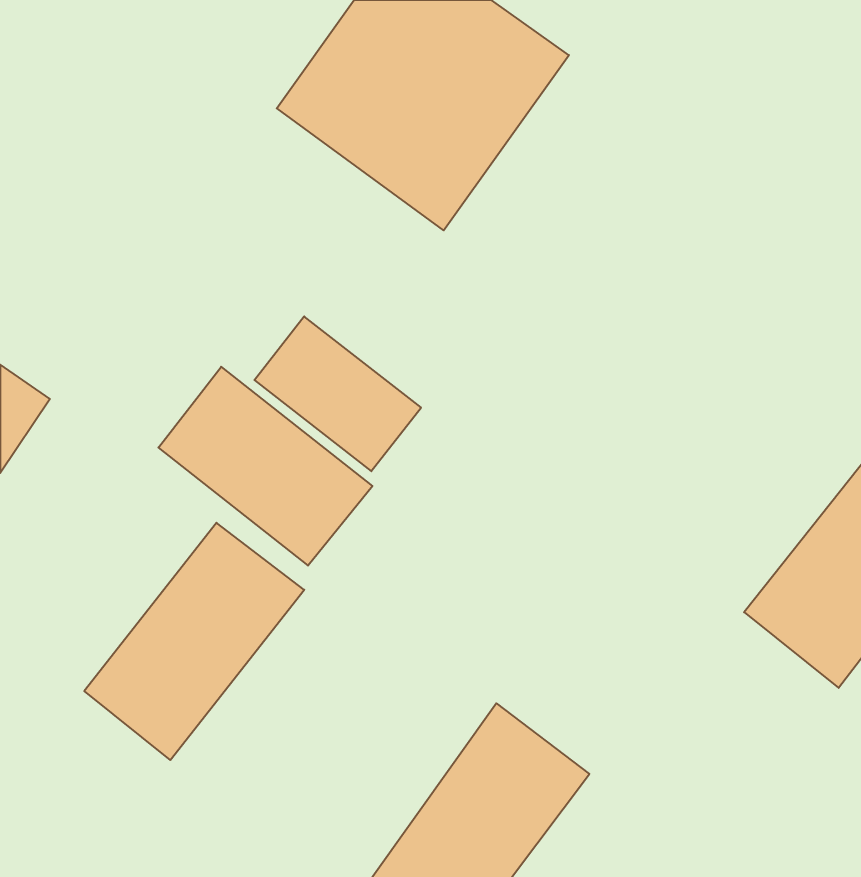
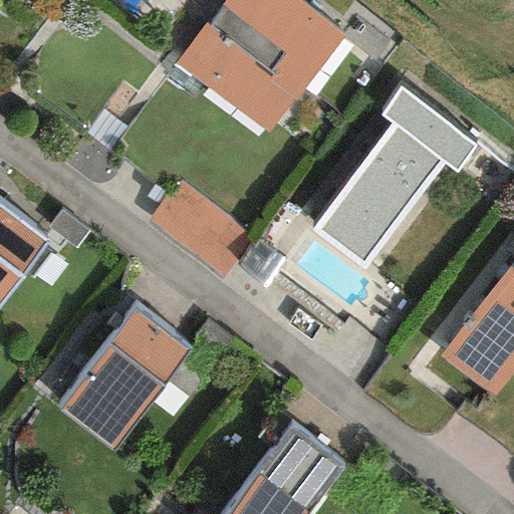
building: none -> [310,77,483,264]
building: [158,367,372,566] -> none

